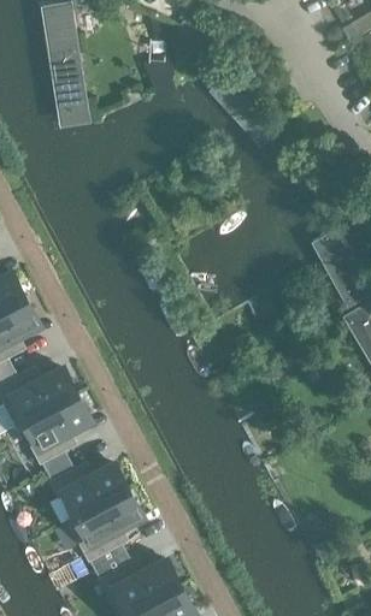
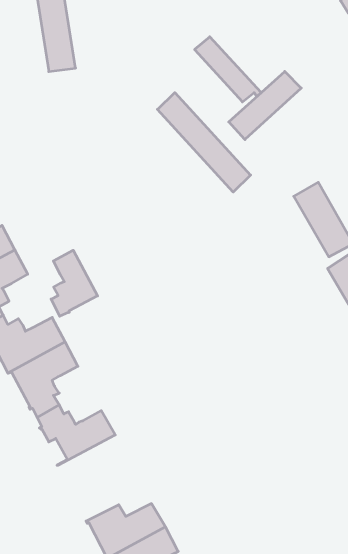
building: none -> [229,71,301,140]
building: none -> [157,93,251,192]
building: none -> [51,250,98,316]
building: [69,491,141,562] -> none

